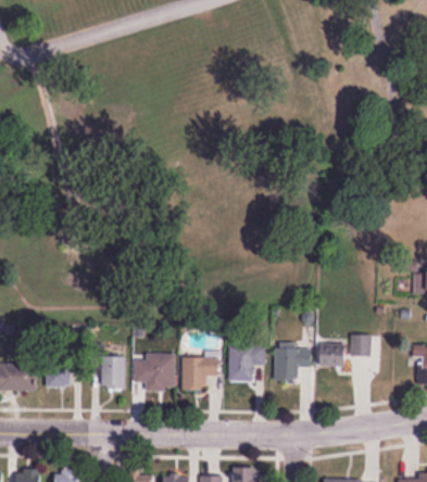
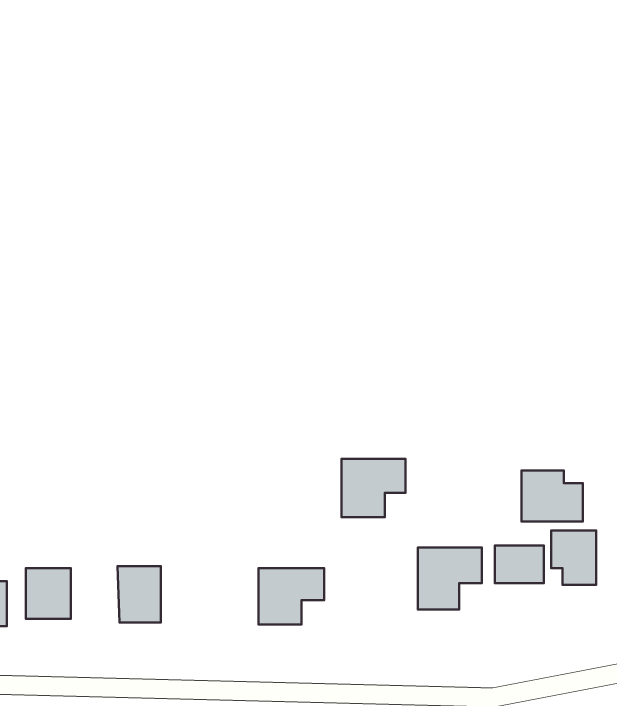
building: none -> [521,471,583,522]
building: [228,346,265,380] -> [342,459,405,517]
building: [134,355,175,391] -> none

